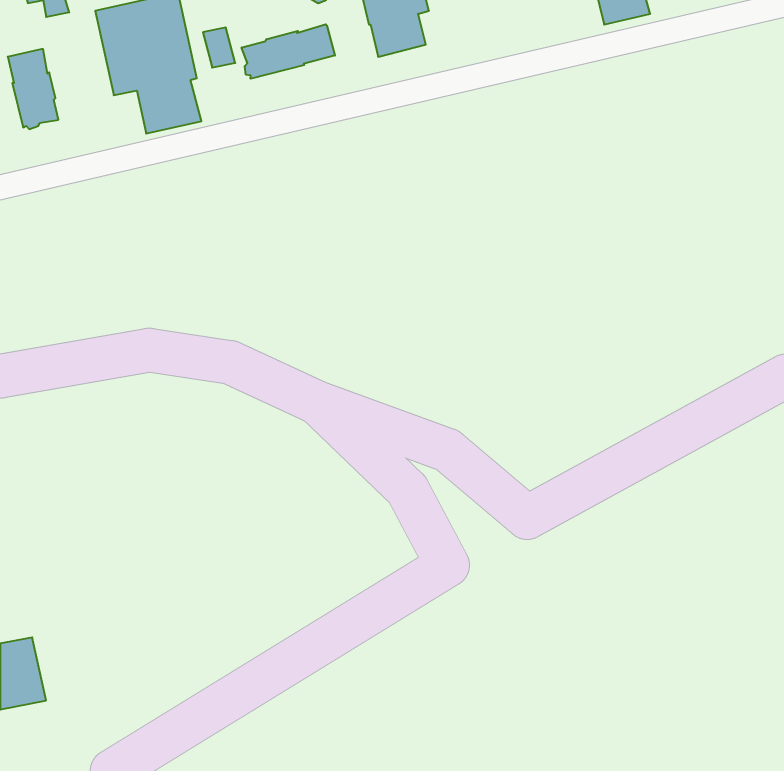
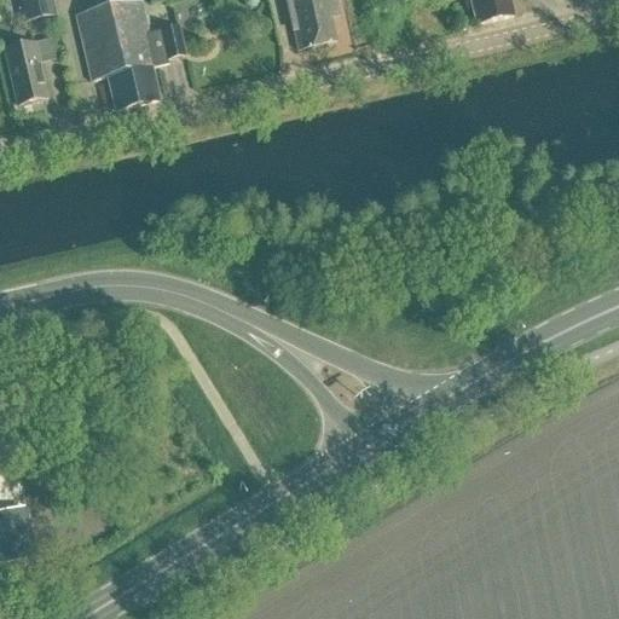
building: [242,24,335,79] -> none

